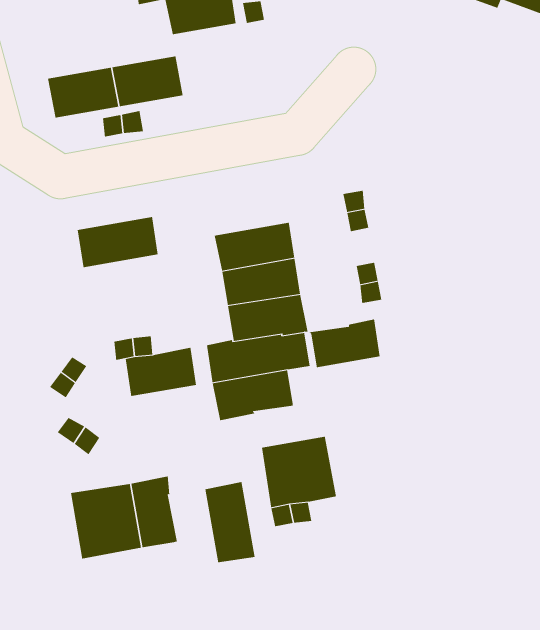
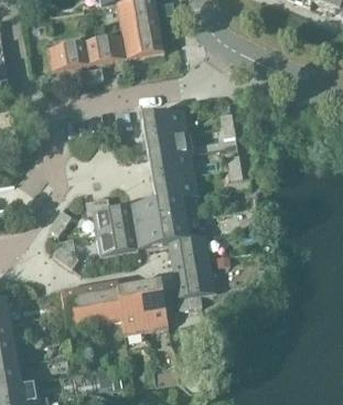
building: none -> [120,17,164,58]
building: [77,217,158,268] -> [141,110,189,140]
building: [308,319,380,368] -> [168,235,210,264]
building: none -> [96,227,138,256]
building: none -> [118,288,147,335]

